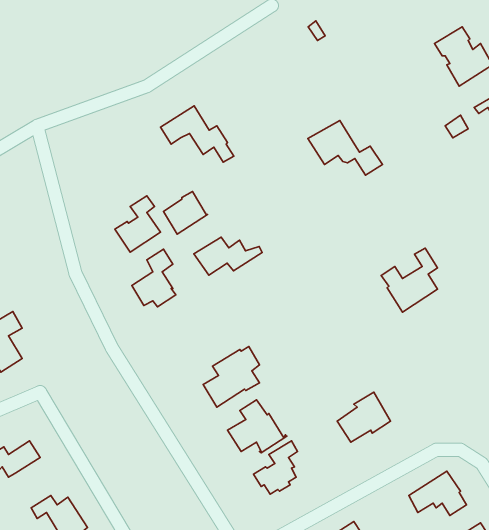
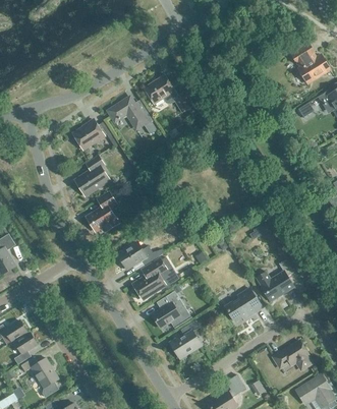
building: [308,120,382,175] -> [144,75,193,112]
building: [163,192,208,234] -> [75,120,105,149]
building: [194,237,262,275] -> [118,243,164,269]
building: [381,248,437,312] -> [257,259,294,302]
building: none -> [14,333,38,364]

